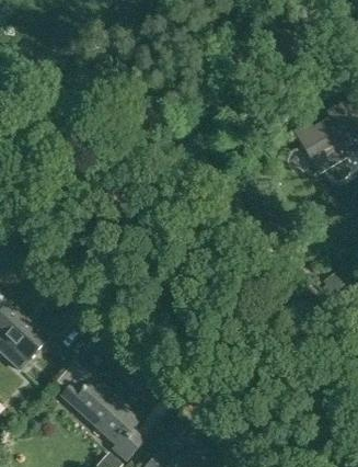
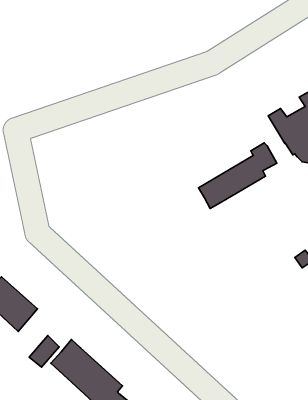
building: none -> [199,143,277,209]

